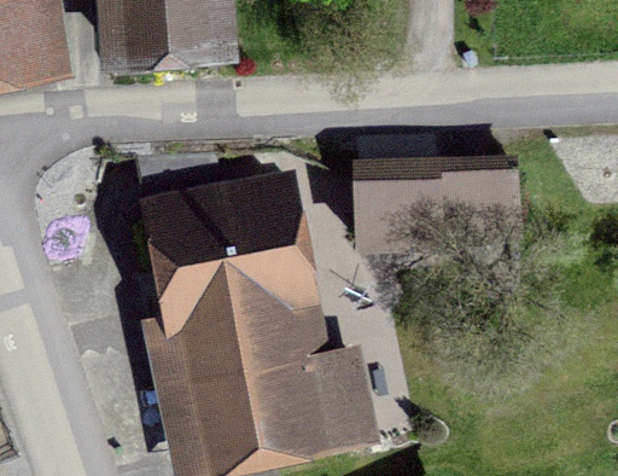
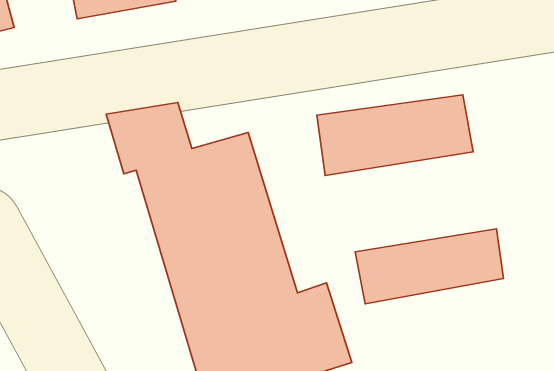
building: none -> [355,229,504,304]

